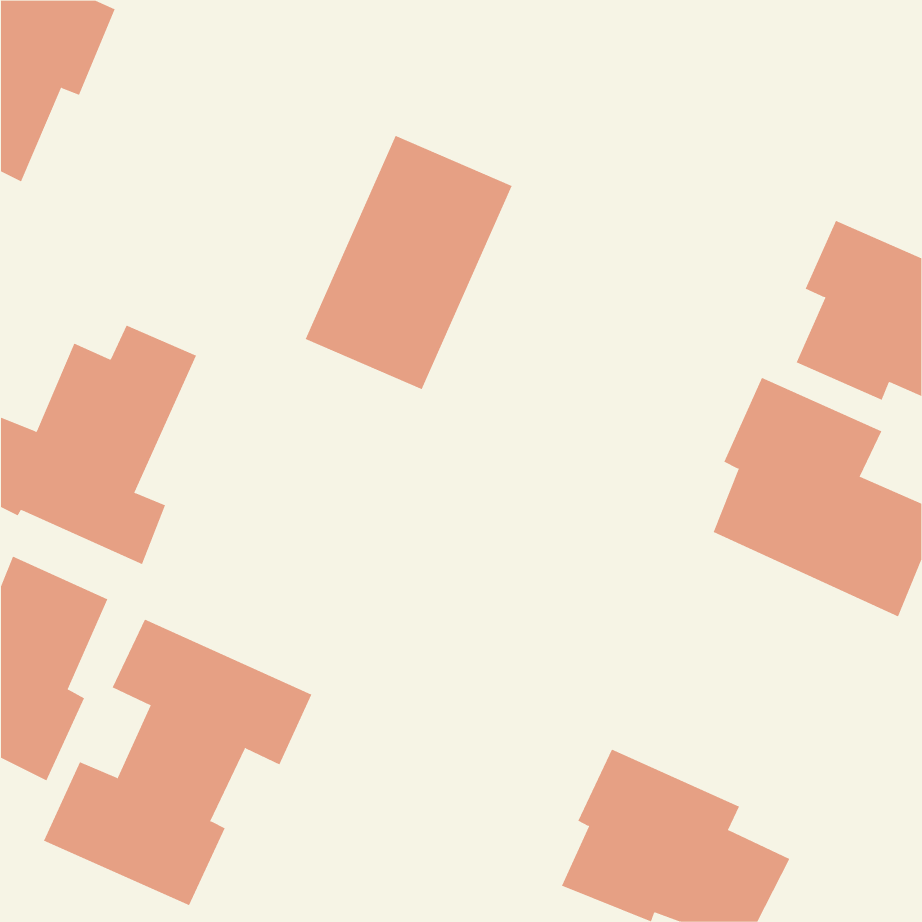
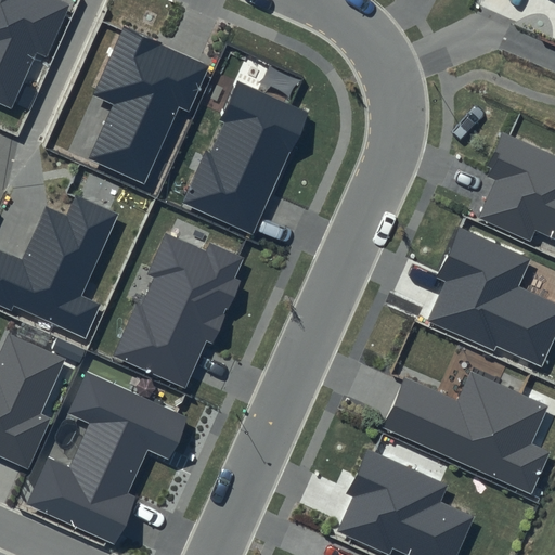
building: none -> [88,26,209,184]
building: none -> [113,234,244,388]
building: none -> [382,371,550,494]

